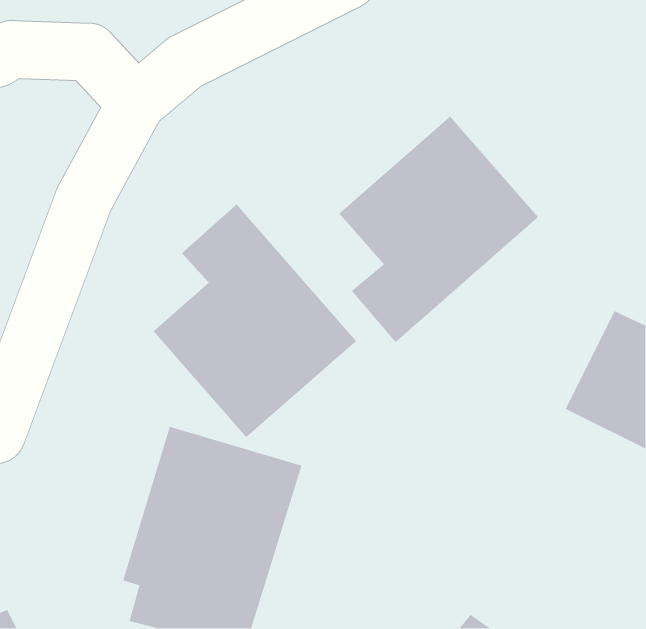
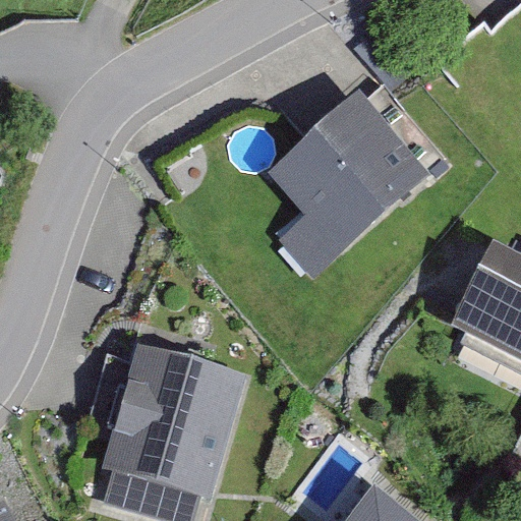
building: [153,204,357,438] -> none

